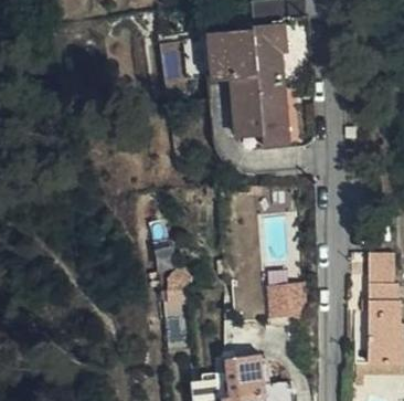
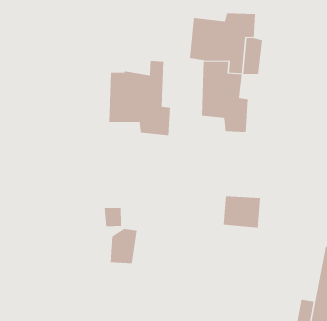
building: none -> [109,60,171,136]
building: [267,281,306,314] -> [223,196,261,228]

